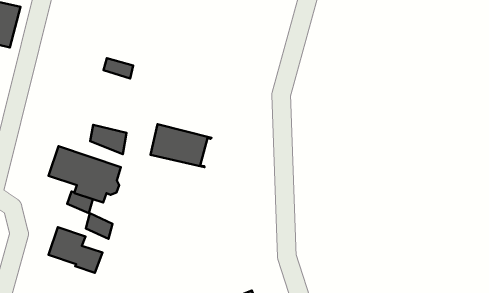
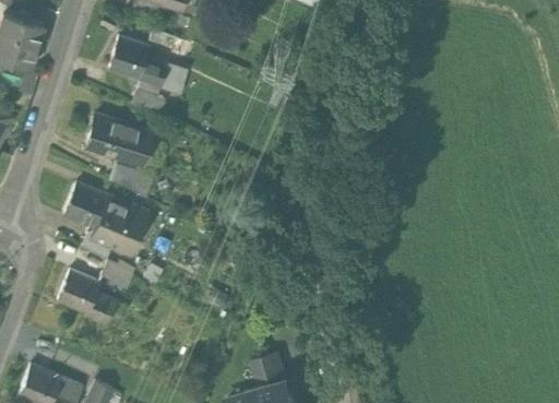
building: none -> [111,38,187,93]
building: [151,124,211,167] -> [87,116,155,166]

